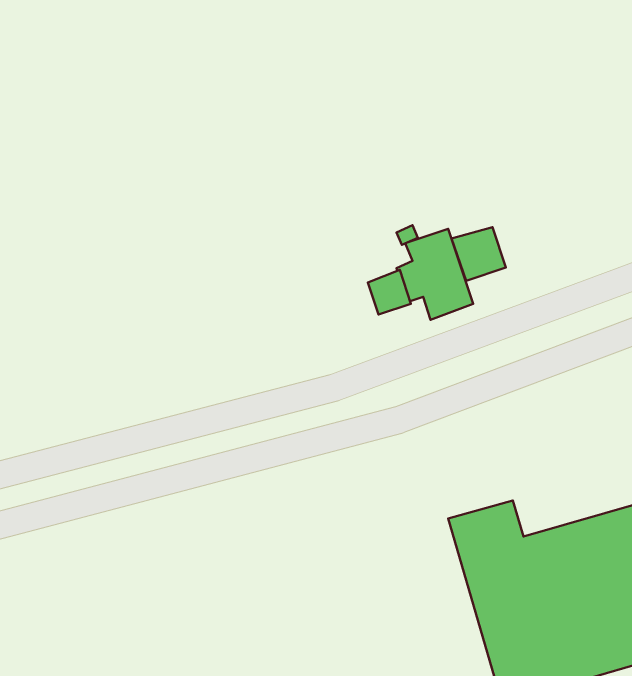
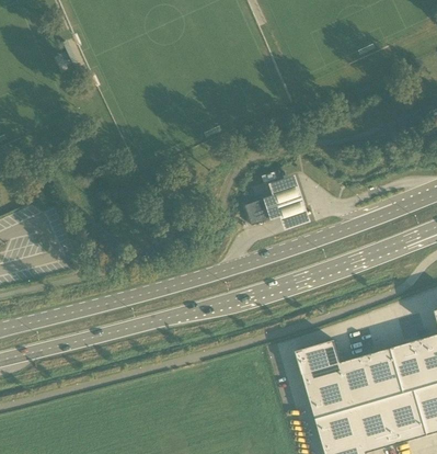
building: [452,227,506,281] -> none

